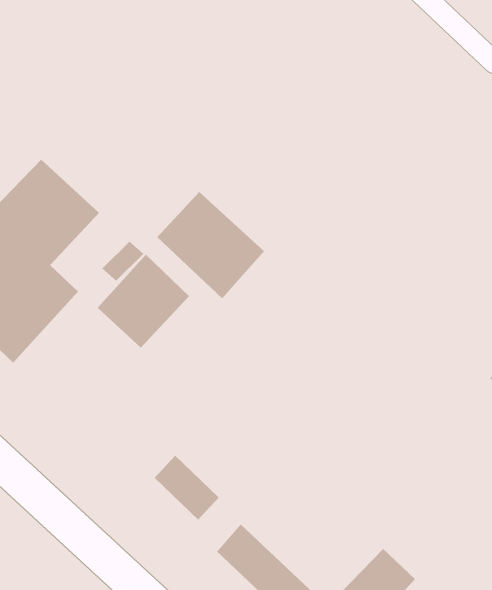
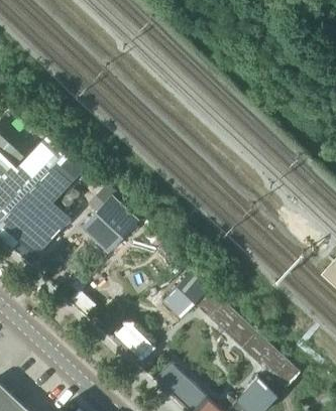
building: [157,191,265,299] -> none
building: none -> [159,272,305,391]

